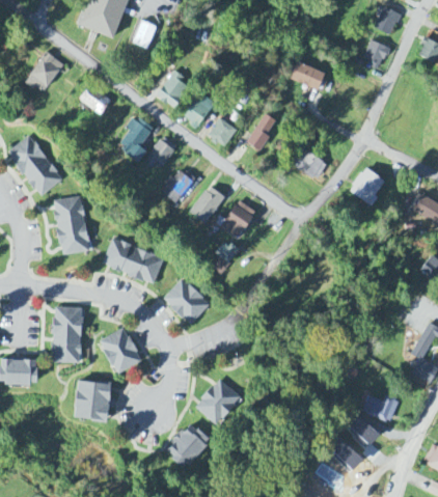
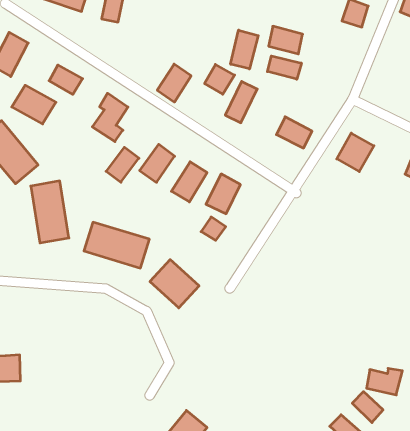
building: none -> [231,30,258,69]
building: [158,71,188,106] -> none
building: none -> [267,56,301,79]
building: none -> [12,85,56,124]
building: [208,118,237,147] -> [205,64,235,94]
building: [145,136,177,169] -> [106,147,139,182]
building: [51,307,81,363] -> none
building: [99,328,141,375] -> none
building: [194,379,241,425] -> none
building: [72,381,117,423] -> none

